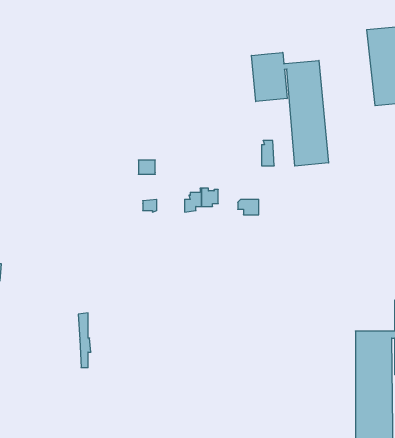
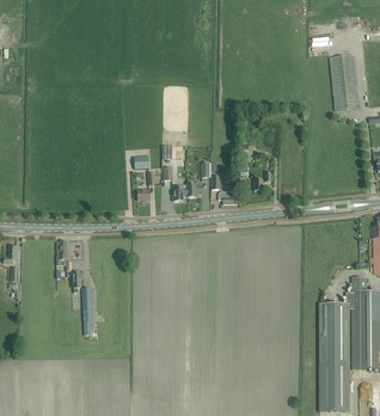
building: [251,52,329,166] -> none

